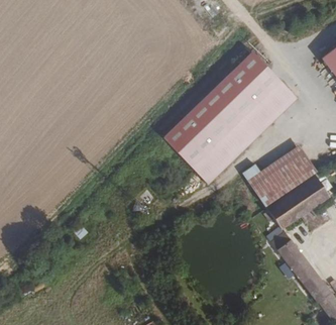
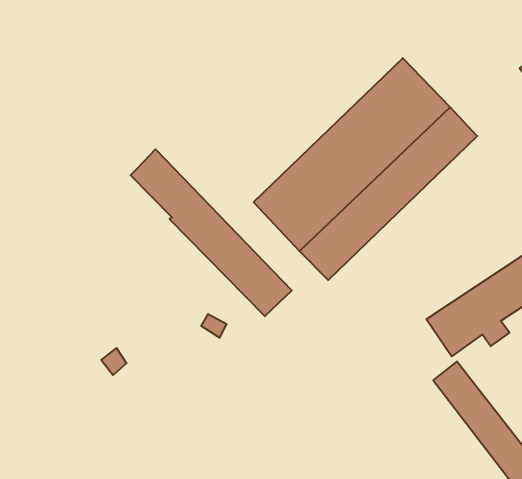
building: none -> [131,149,292,316]
building: [248,146,316,205] -> none

